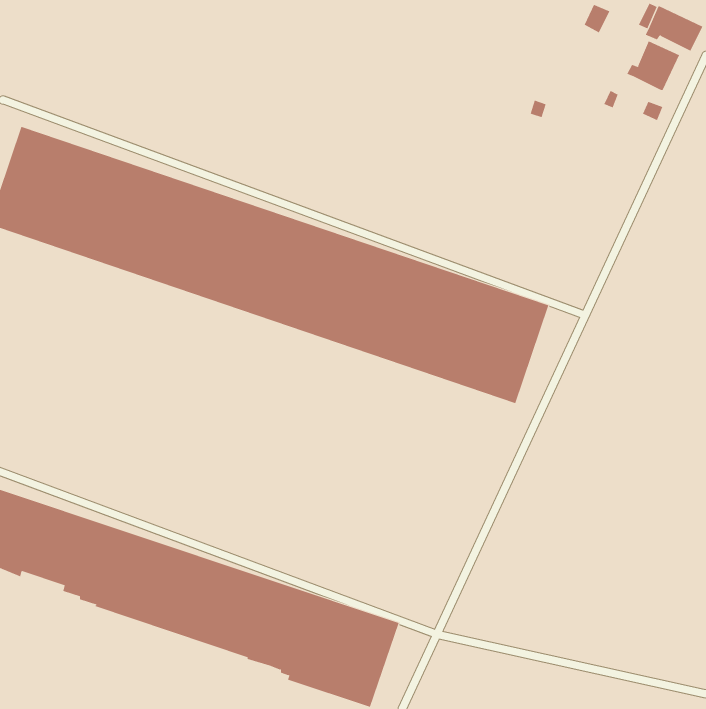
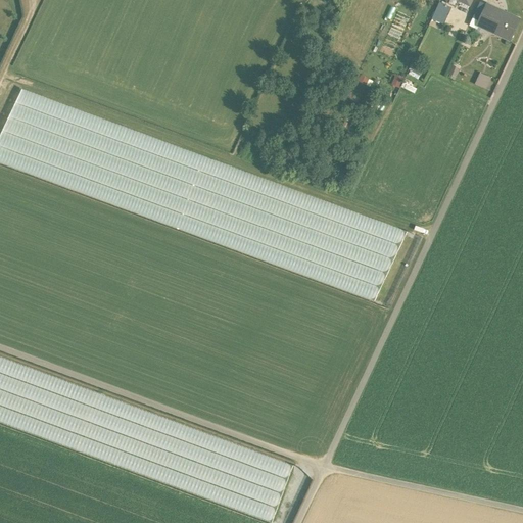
building: [627,41,680,91] -> none

